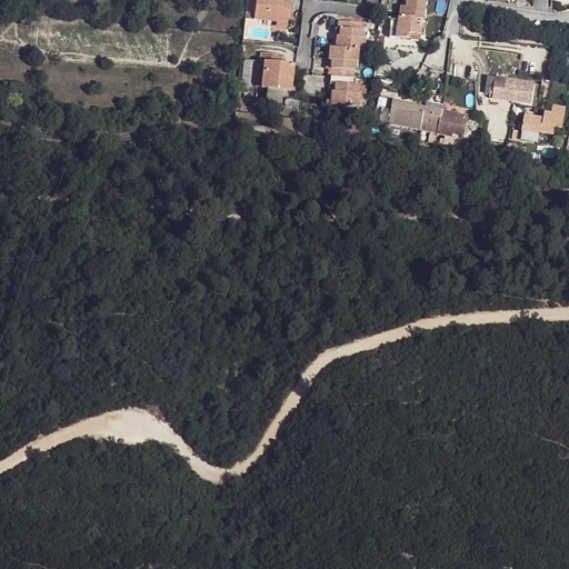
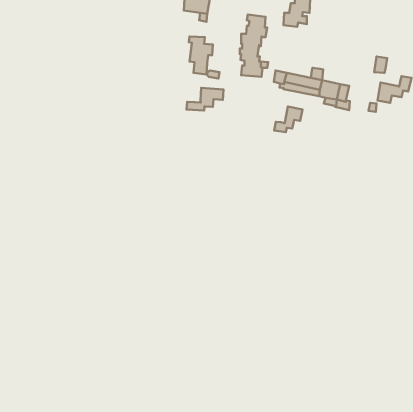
building: [483,74,518,99] -> none
building: none -> [186,88,223,110]
building: none -> [274,106,303,132]

